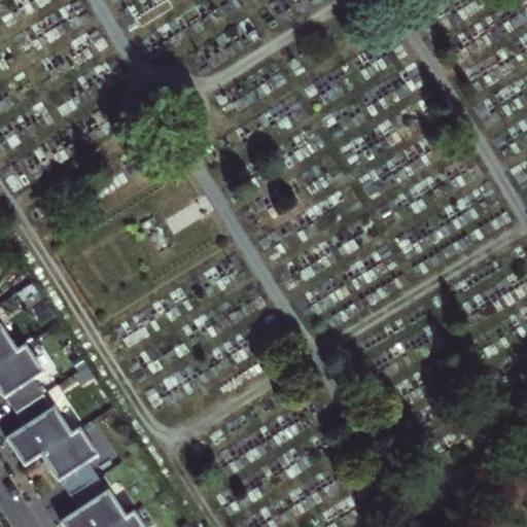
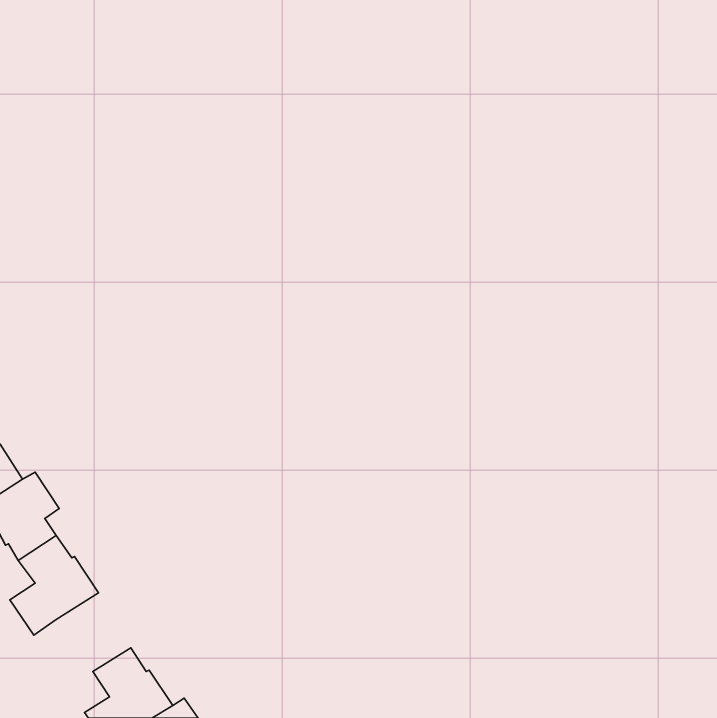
building: [41,428,99,492] -> none

